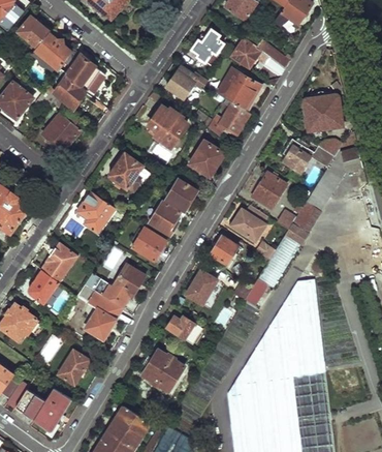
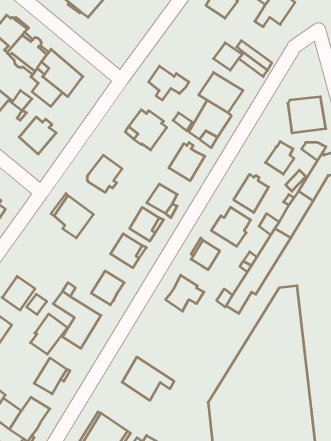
building: [190,30,222,65] -> none
building: [41,243,77,282] -> [30,314,68,354]
building: [166,314,201,342] -> none

